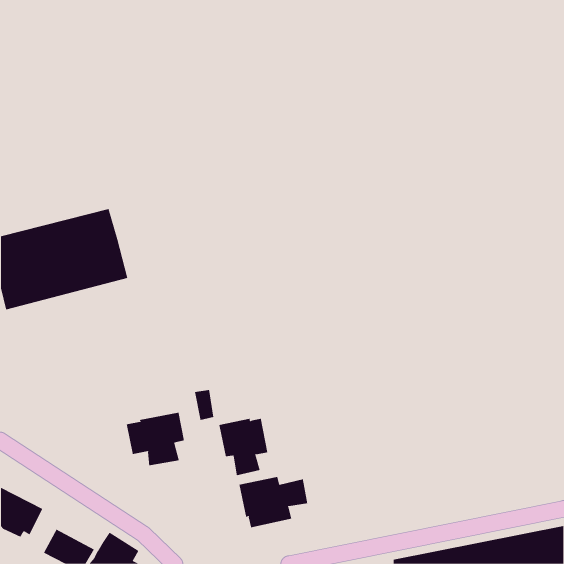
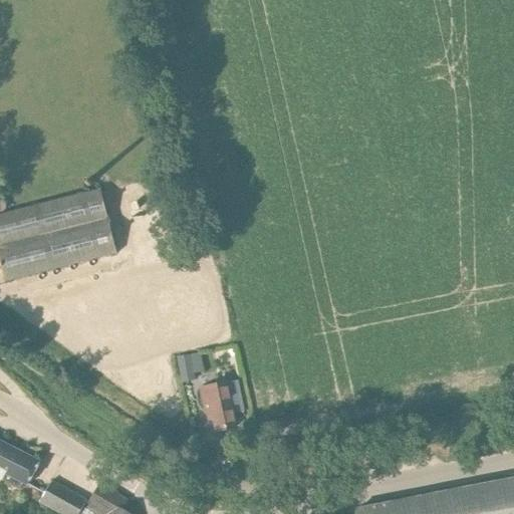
building: [126,412,184,466] -> none
building: [239,476,308,528] -> none

